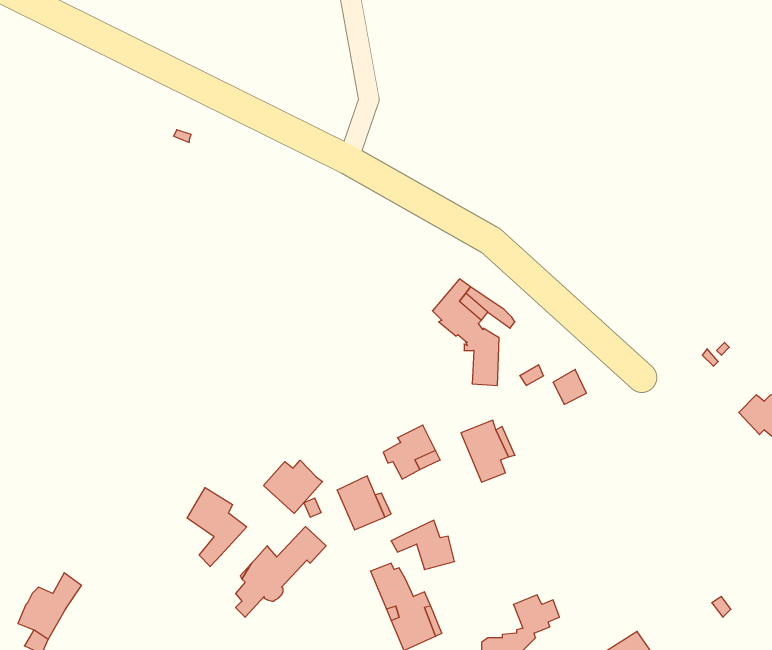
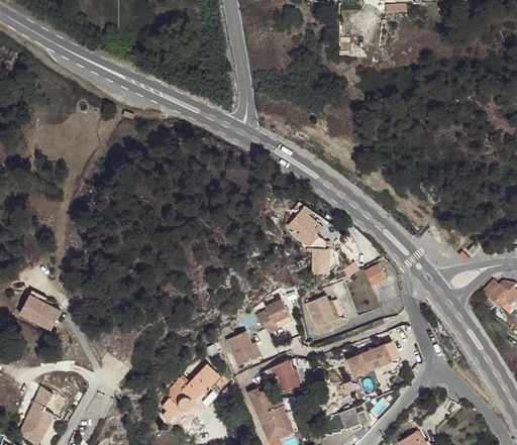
building: none -> [18,290,61,331]
building: [264,460,323,513] -> none
building: [187,488,247,567] -> none
building: none -> [346,341,399,376]

